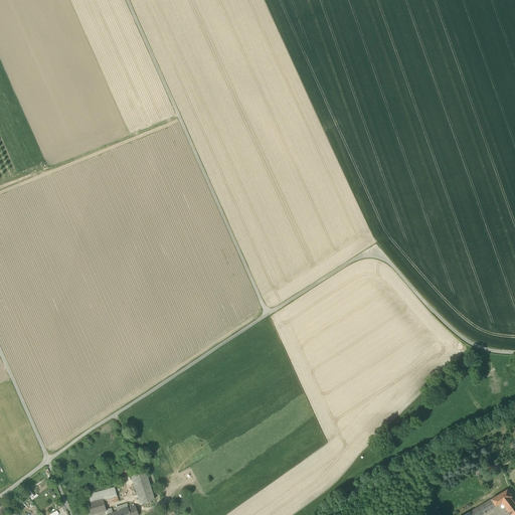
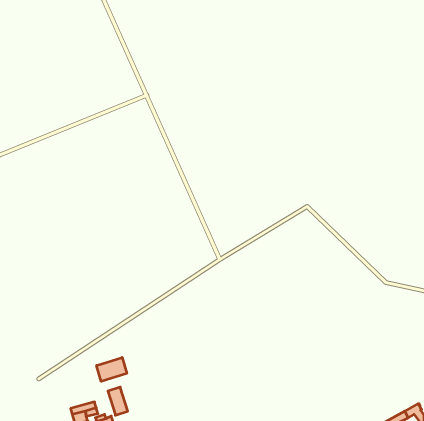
building: none -> [97,357,127,381]

